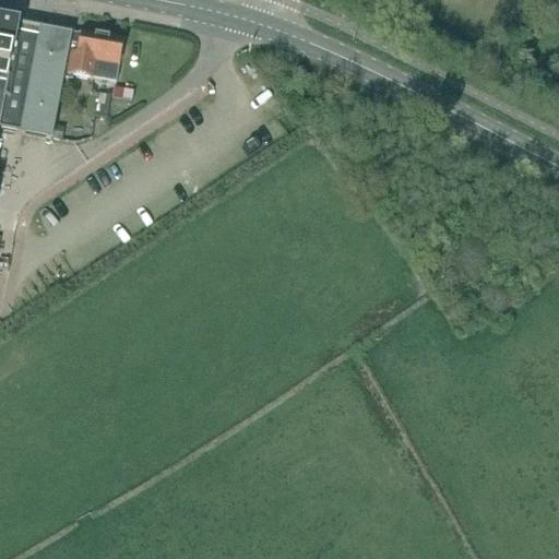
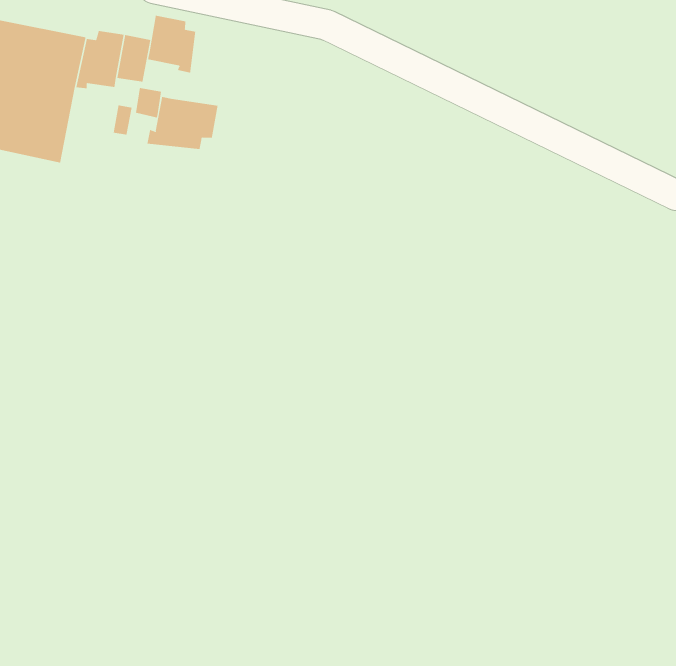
building: none -> [147,15,196,74]
building: none -> [147,96,218,150]

